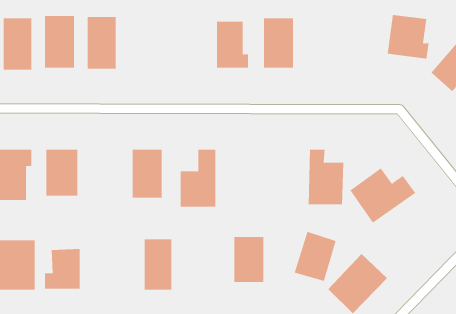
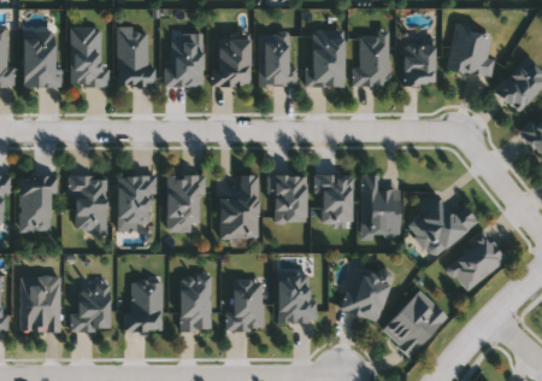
building: none -> [352,36,390,86]
building: none -> [214,39,251,86]
building: none -> [166,41,202,87]
building: none -> [403,43,435,84]
building: none -> [267,174,306,222]
building: none -> [117,175,151,222]
building: none -> [314,175,352,222]
building: none -> [446,236,506,289]
building: none -> [225,279,263,330]
building: none -> [126,280,161,330]

